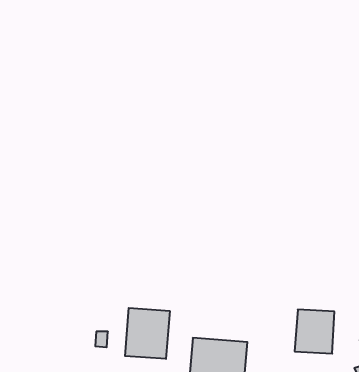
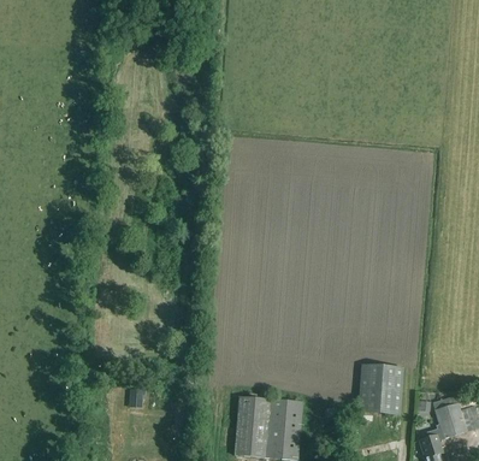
building: [125,308,170,359] -> none

